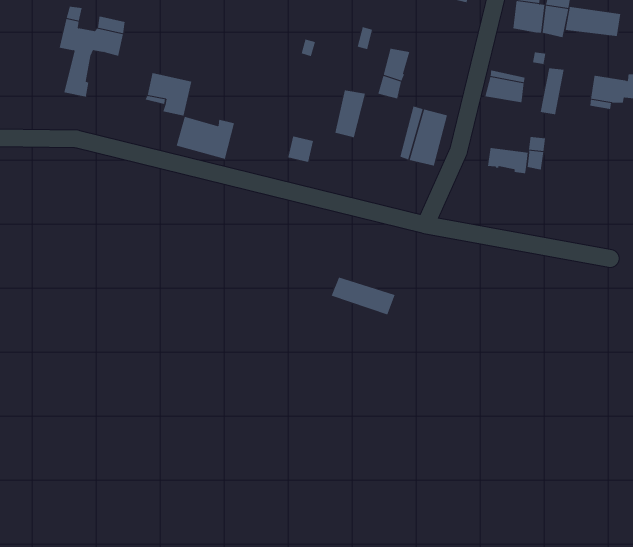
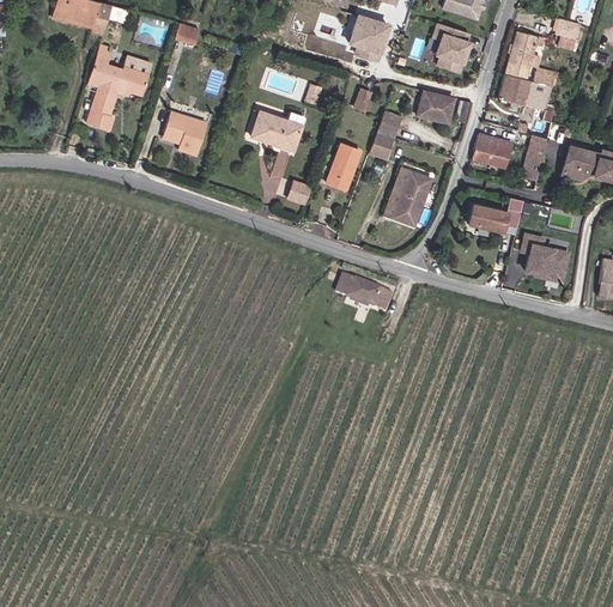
building: [565,6,621,37] -> none
building: none -> [418,87,455,120]
building: [176,116,235,159] -> [249,115,304,157]
building: none -> [521,235,568,283]
building: [331,277,395,315] -> [336,271,395,309]

